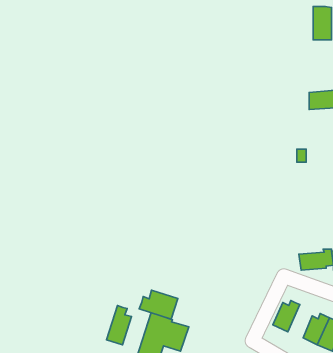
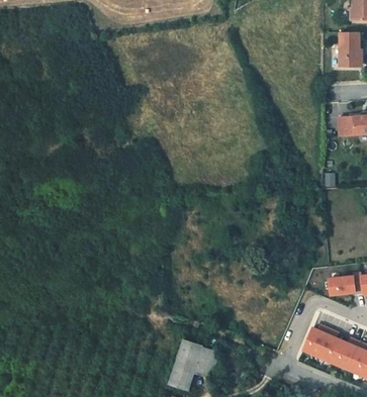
building: [139,290,178,319] -> none
building: none -> [317,330,342,364]
building: [106,306,132,345] -> none

